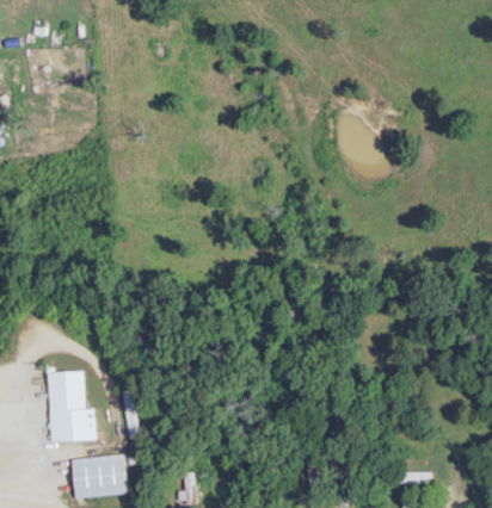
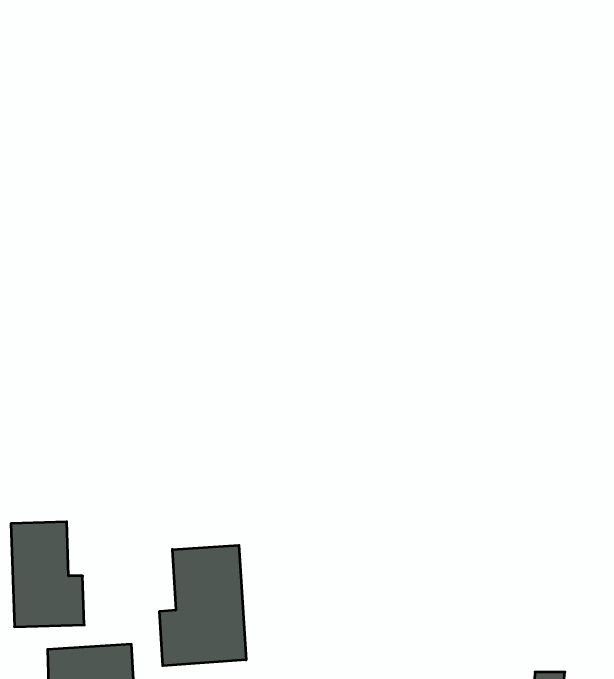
building: none -> [160,545,246,666]

